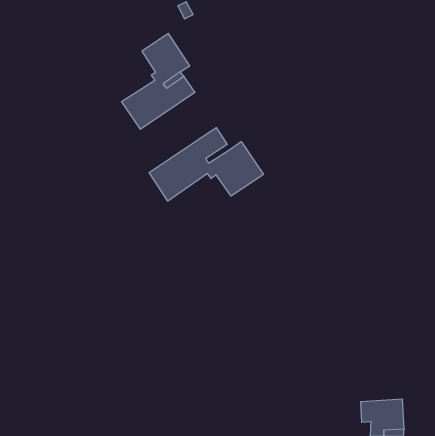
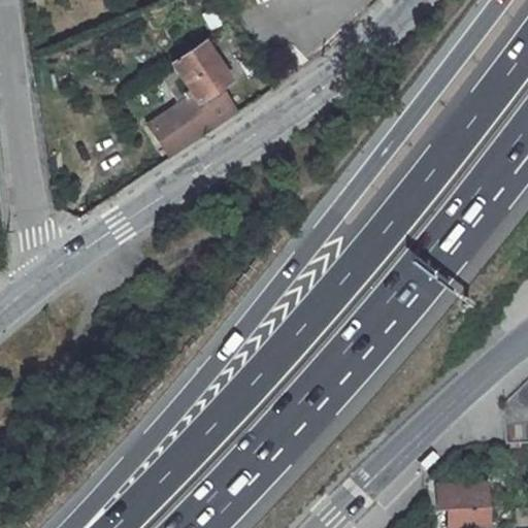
building: [149,128,264,201] -> none

